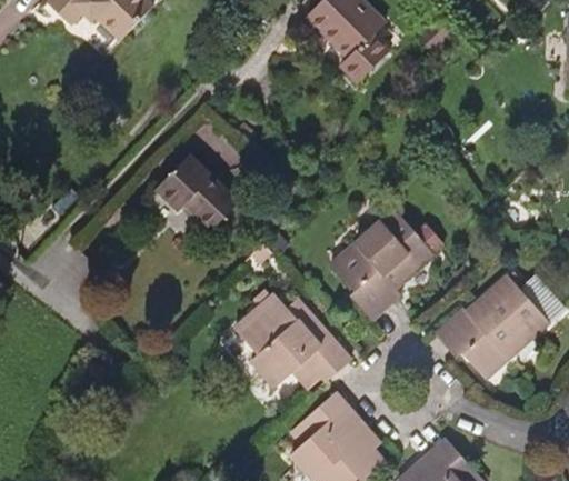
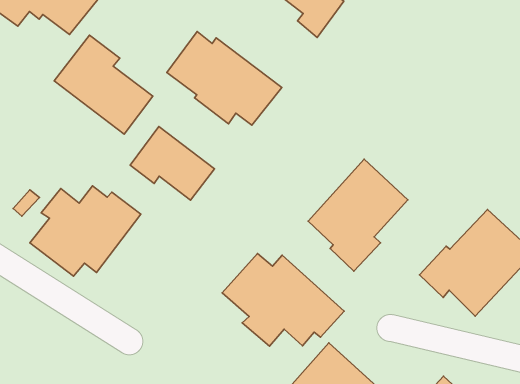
building: none -> [54,35,153,134]
building: none -> [167,32,282,125]
building: none -> [30,186,141,276]

